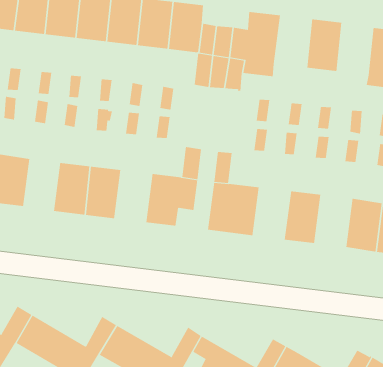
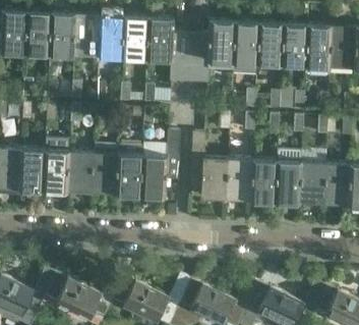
building: none -> [233,23,259,63]
building: none -> [283,25,308,65]
building: none -> [45,152,70,192]
building: none -> [117,155,143,195]
building: none -> [276,152,302,202]
building: none -> [227,160,253,200]

